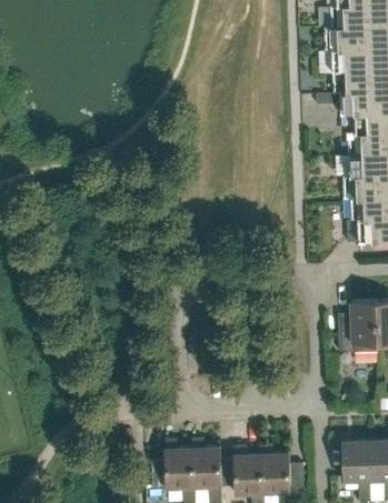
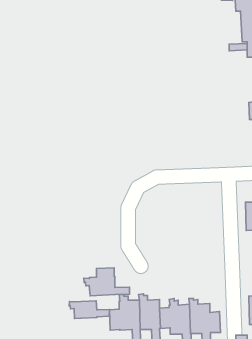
building: none -> [84,268,130,296]
building: none -> [69,301,109,319]

